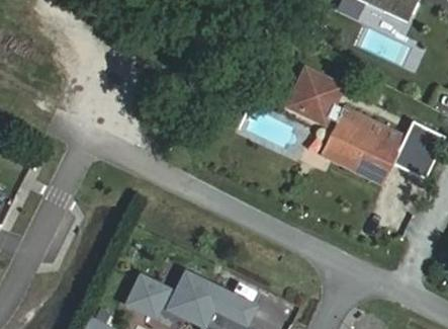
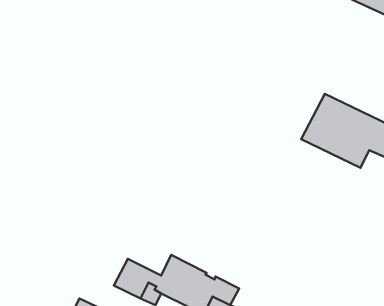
building: [286,67,344,126] -> none

